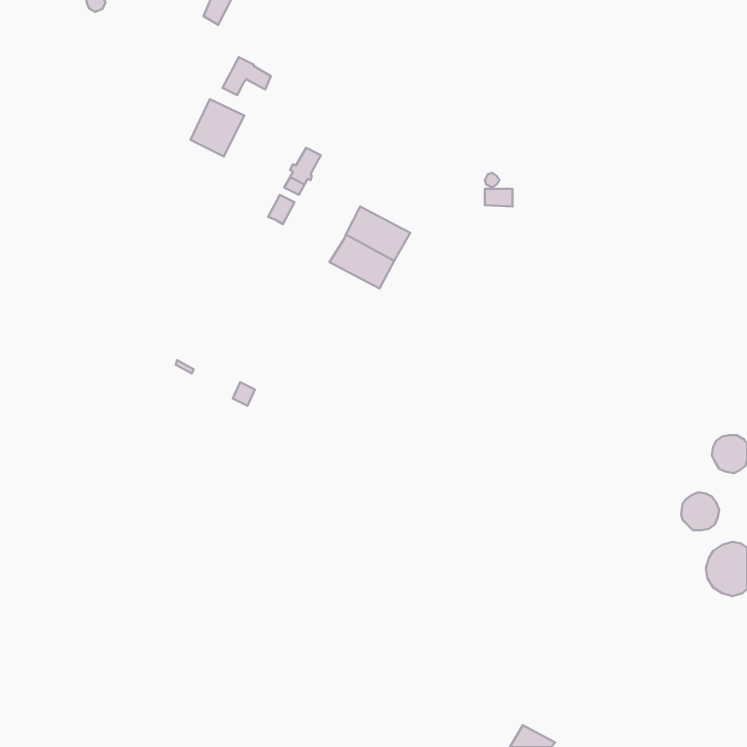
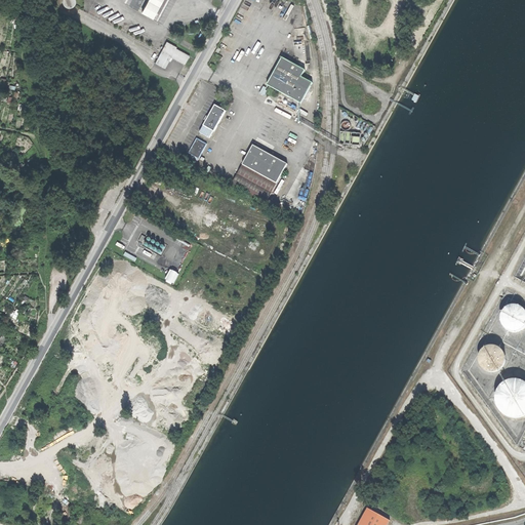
building: none -> [267,56,312,102]
building: [190,99,244,157] -> none

